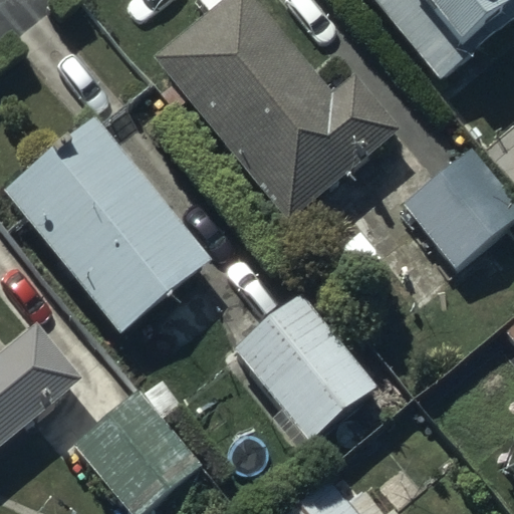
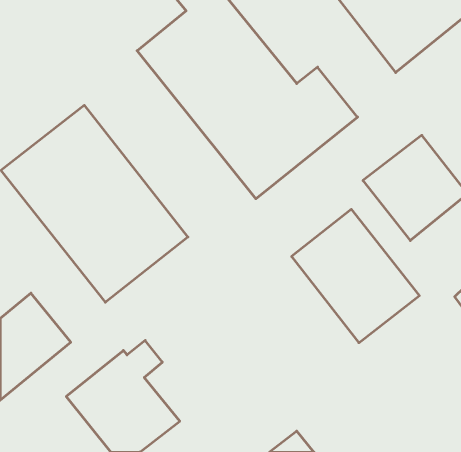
building: [235,292,376,440] -> [292,209,419,343]

